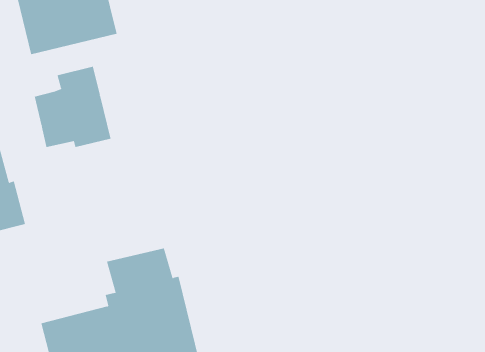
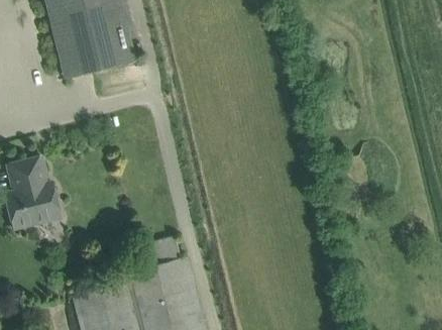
building: [34,66,111,148] -> none

